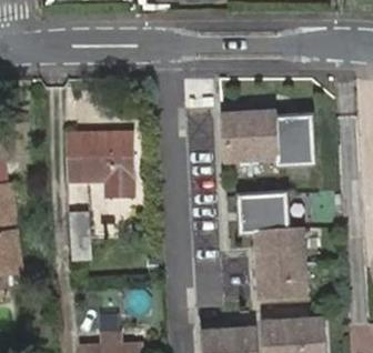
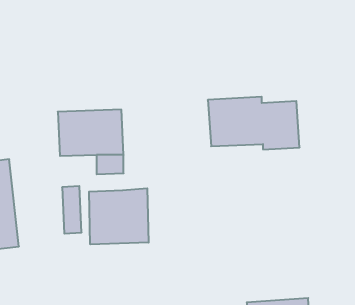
building: [235,196,304,304] -> none
building: none -> [89,188,149,244]

